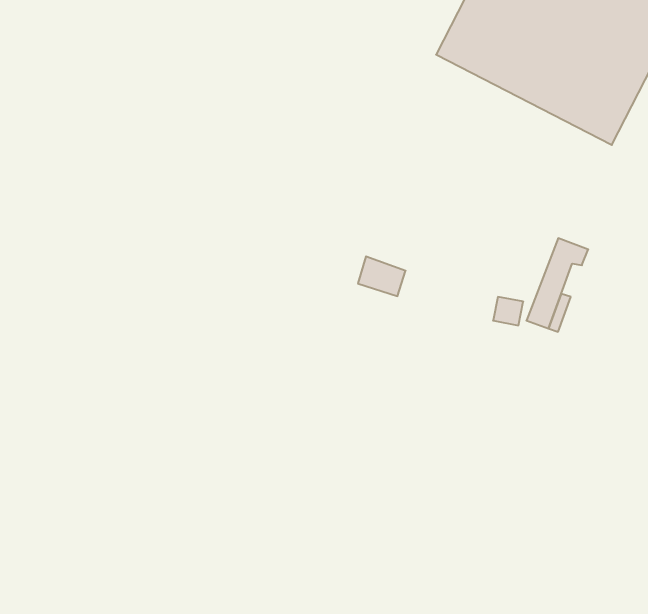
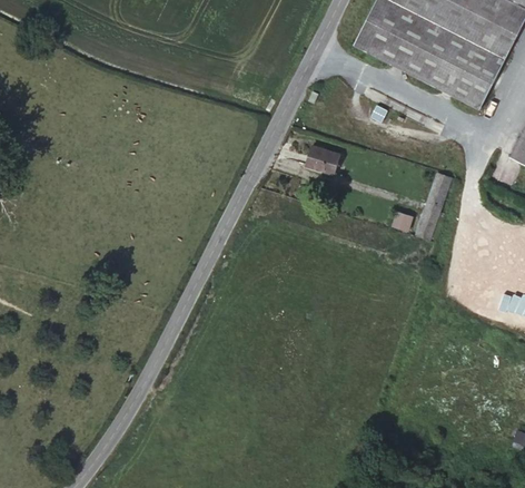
building: [358,256,406,296] -> [307,146,340,174]

